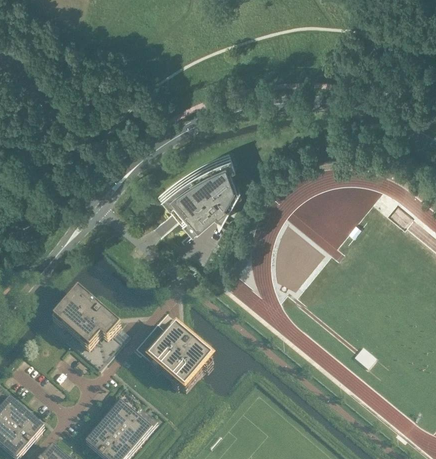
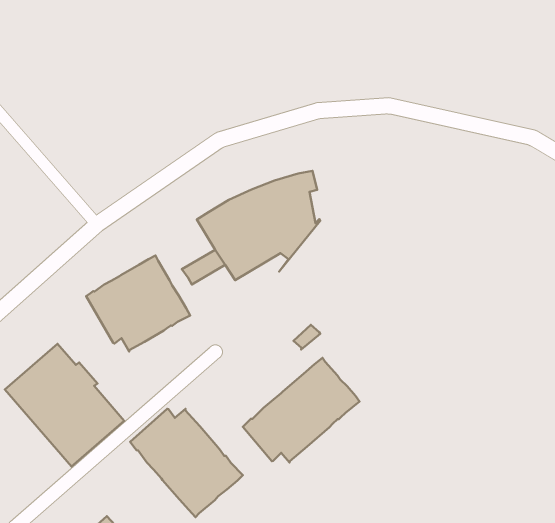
building: none -> [86,256,190,351]
building: none -> [243,358,360,463]

